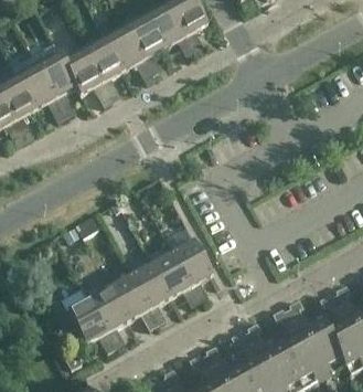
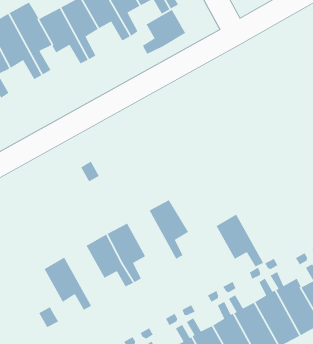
building: none -> [142,9,186,55]
building: [152,251,201,305] -> [216,214,264,268]
building: [89,286,129,347] -> none

